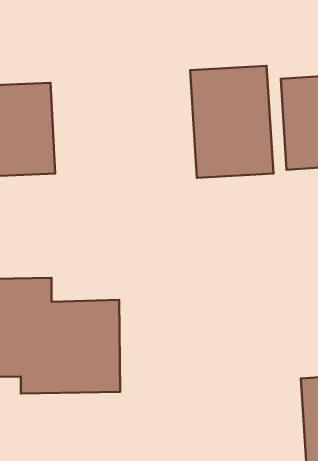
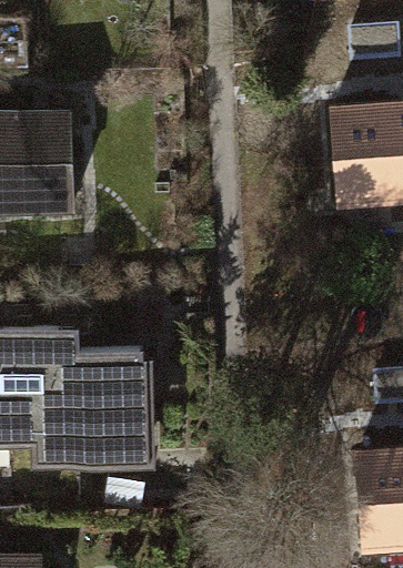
building: [190,66,273,178] -> none

